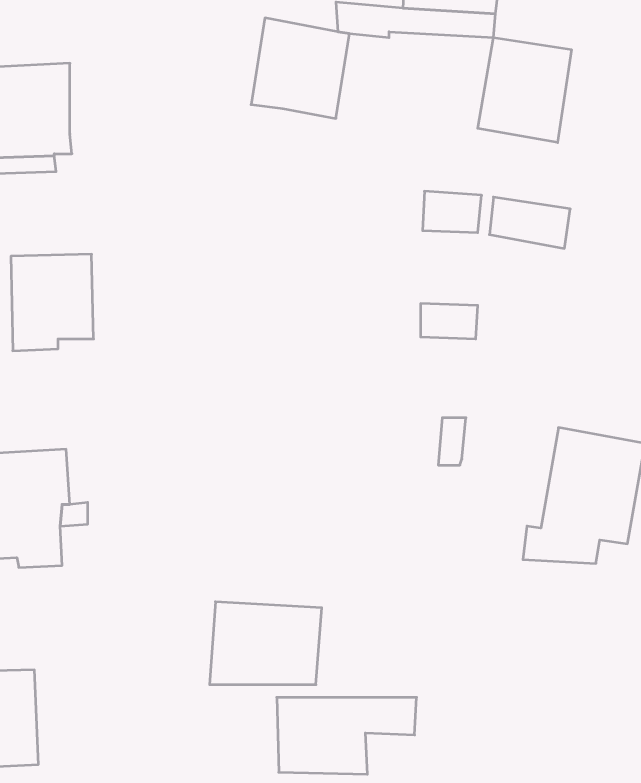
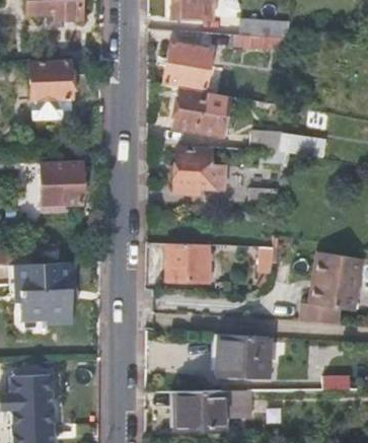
building: [478,38,571,143] -> none
building: none -> [171,87,232,138]
building: none -> [175,145,227,195]
building: none -> [166,243,211,282]
building: [210,602,322,685] -> [215,334,273,376]

